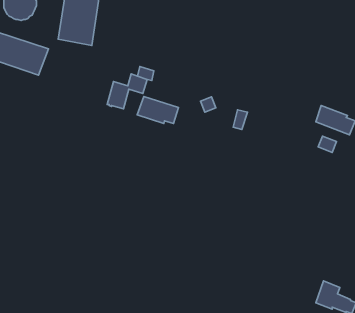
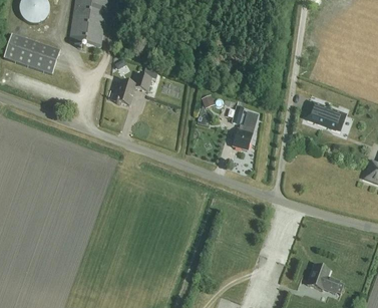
building: [137,97,178,124] -> none
building: none -> [233,111,258,150]

